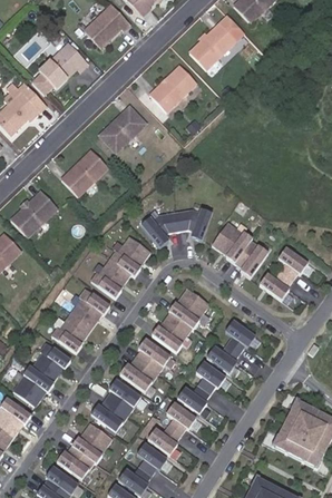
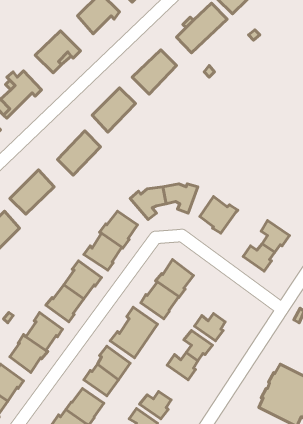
building: [235,237,268,274] -> none
building: [225,321,255,353] -> none
building: [167,403,197,436] -> none

